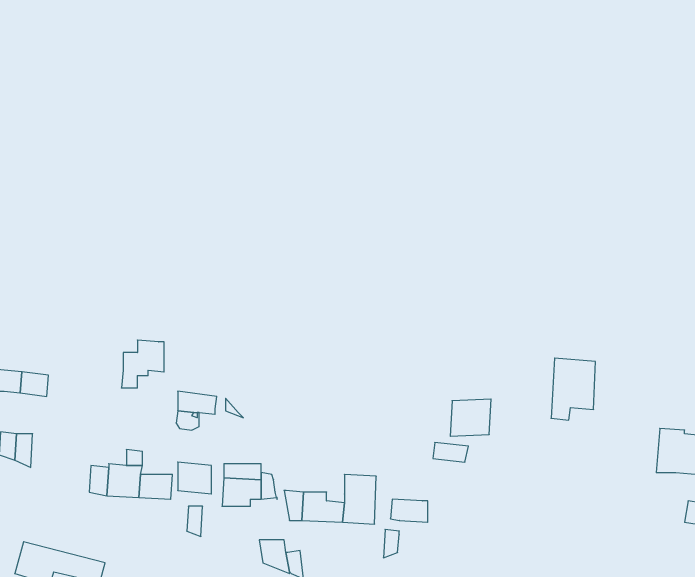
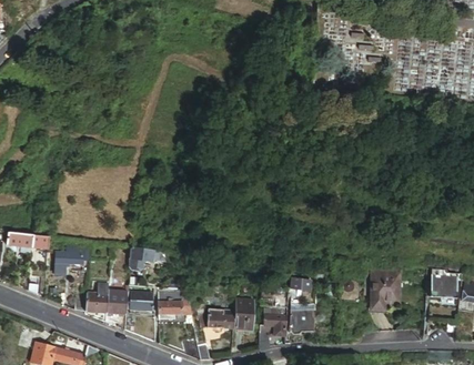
building: [121,340,164,388] -> [56,244,82,274]
building: [551,358,595,420] -> [373,272,401,311]
building: [450,399,491,436] -> [290,308,315,332]

